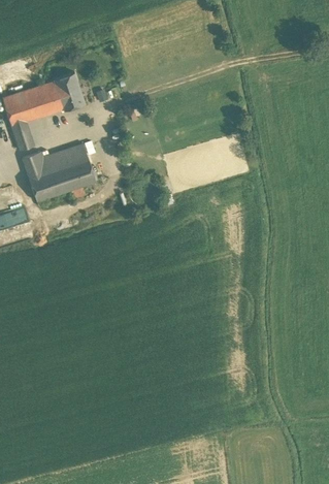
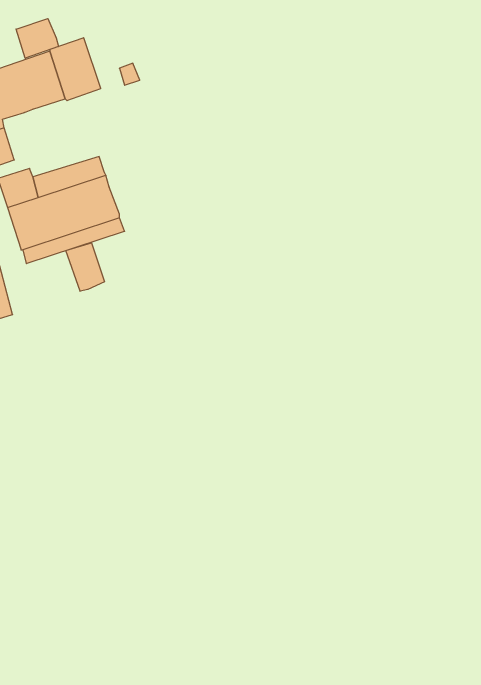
building: none -> [16,19,58,58]
building: none -> [66,243,104,291]

